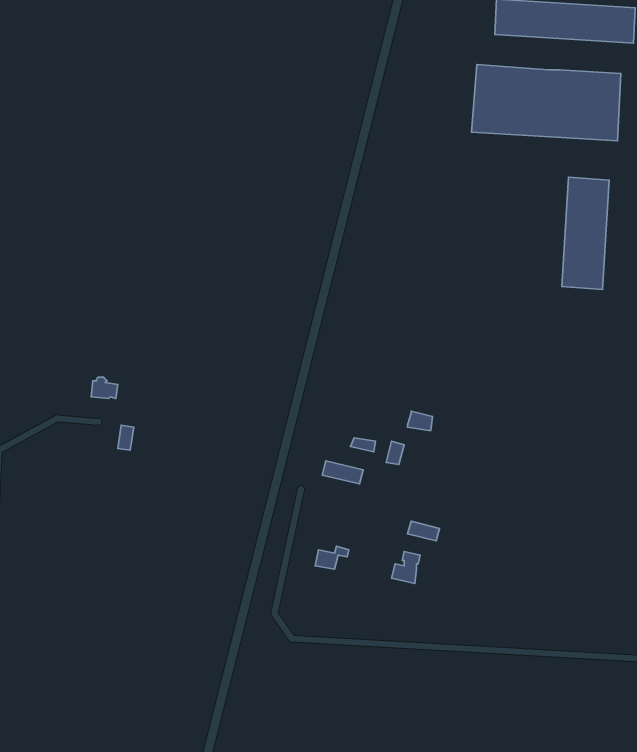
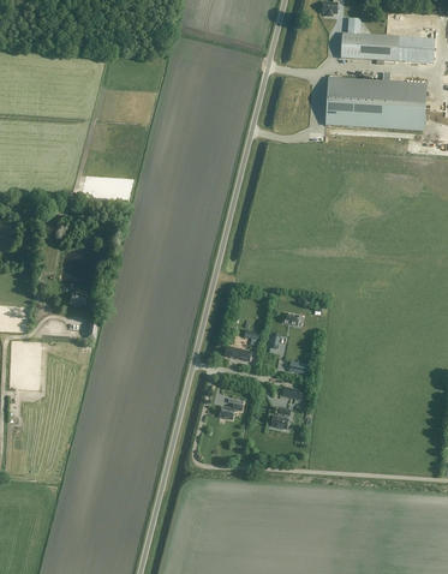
building: [562,177,609,289] -> none

